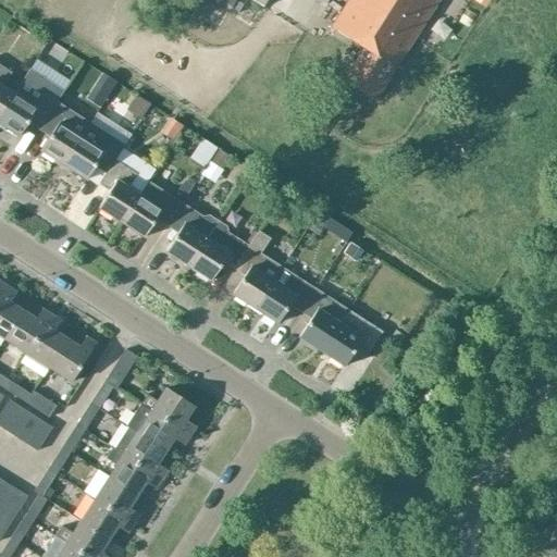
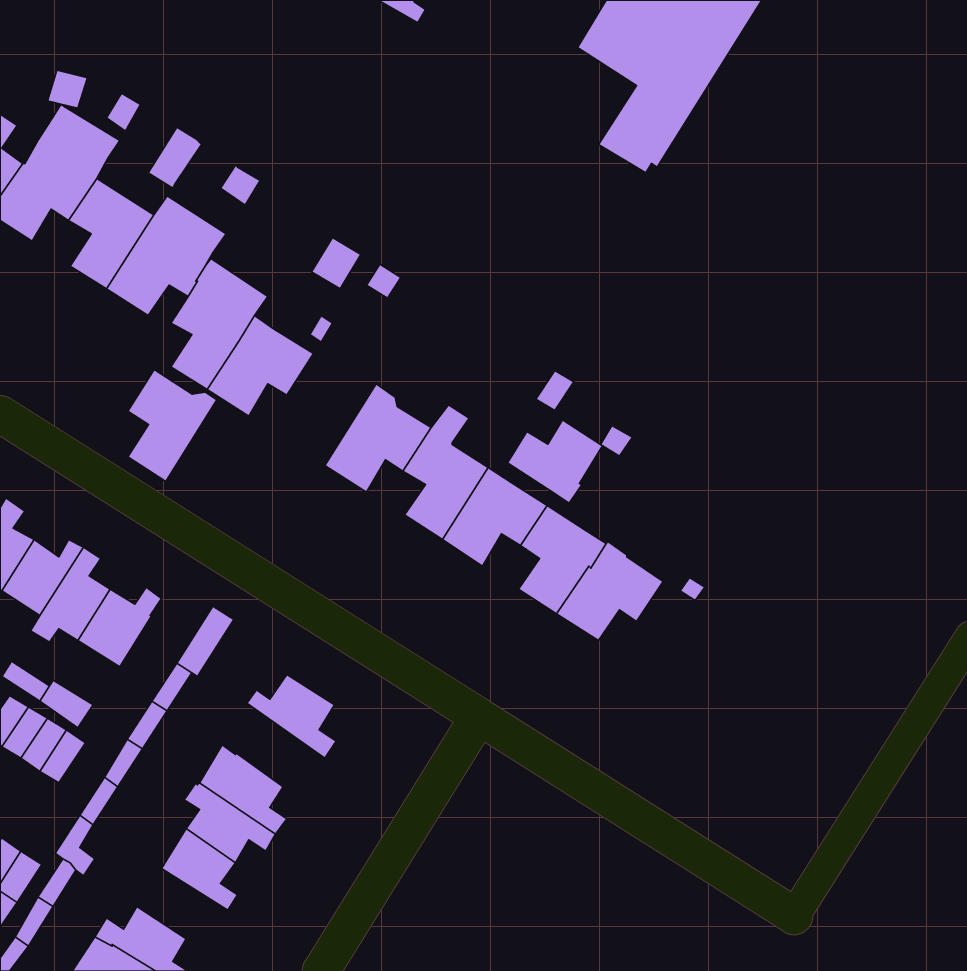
building: [166,202,218,267] -> [128,369,217,481]
building: none -> [507,420,602,503]
building: [129,403,188,450] -> none
building: [81,497,133,537] -> none

